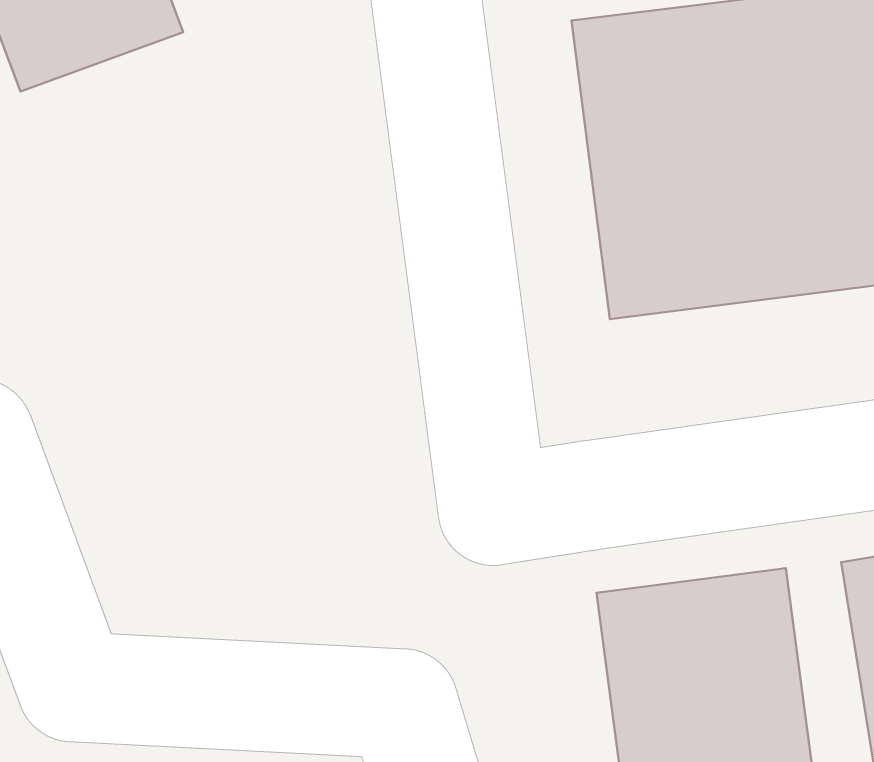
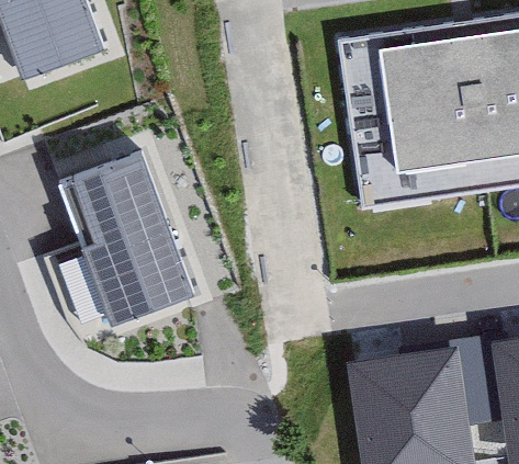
building: none -> [49,135,208,331]

